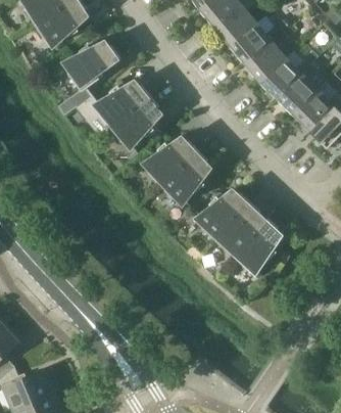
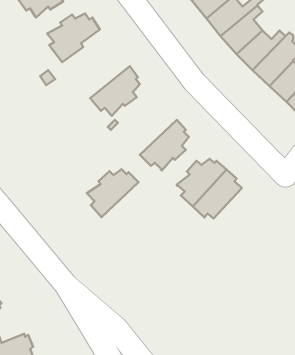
building: [95,81,149,128] -> none
building: [144,137,197,186] -> [87,169,139,217]
building: [231,218,280,271] -> none

